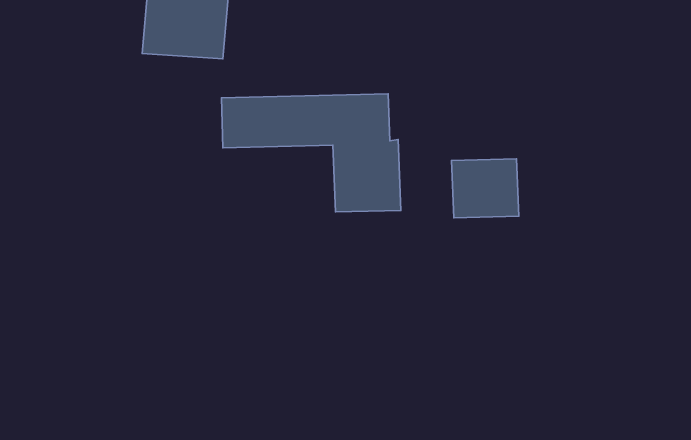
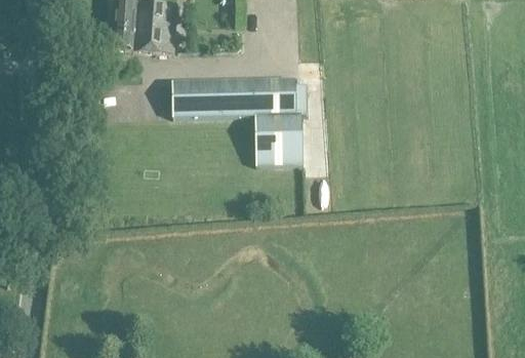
building: [451,159,519,218] -> none

